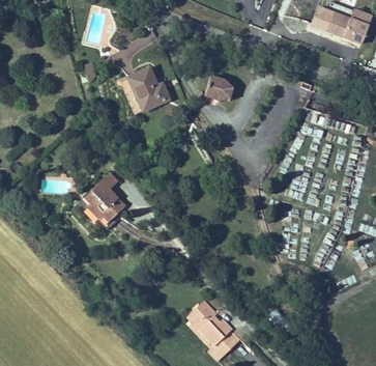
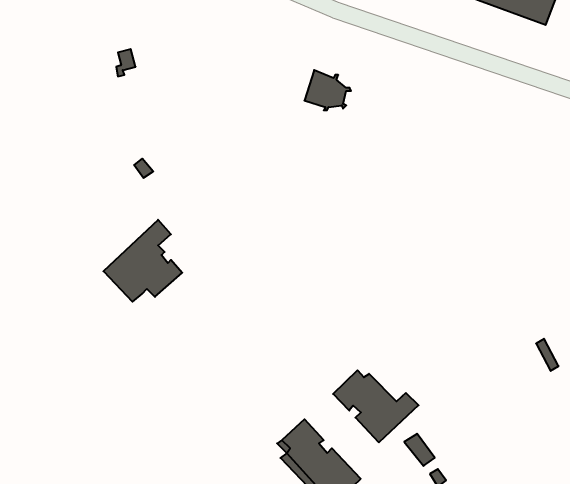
building: [127,66,169,110] -> none
building: none -> [333,370,419,442]

